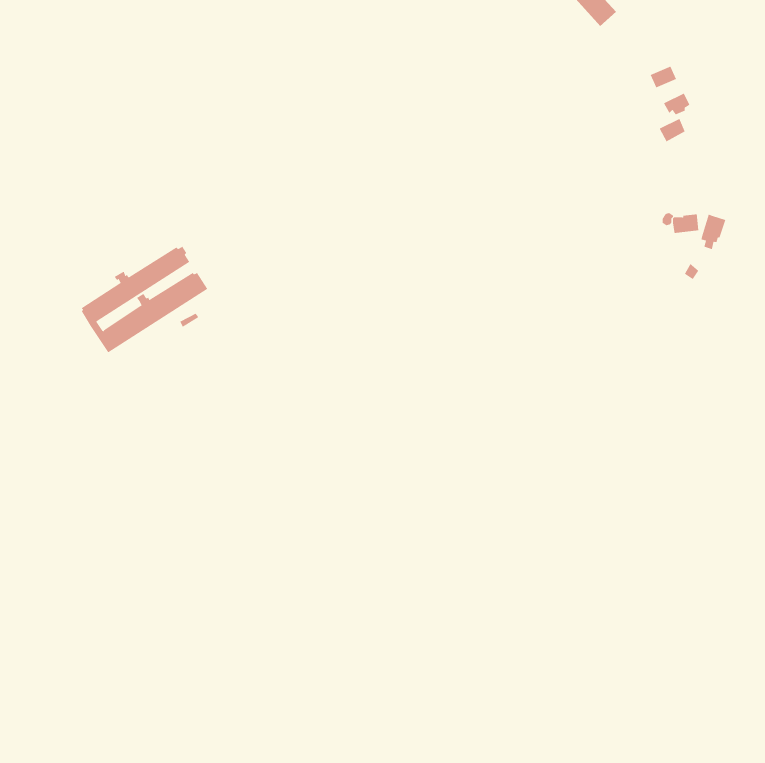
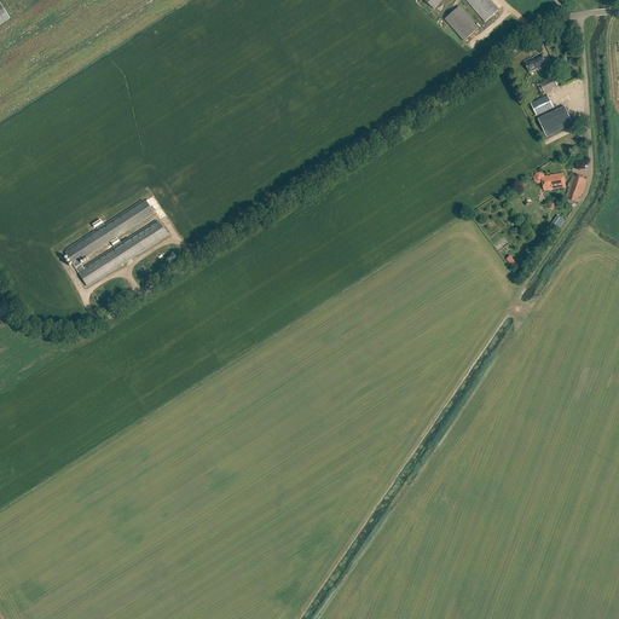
building: none -> [444,5,478,40]
building: none -> [540,105,575,137]

